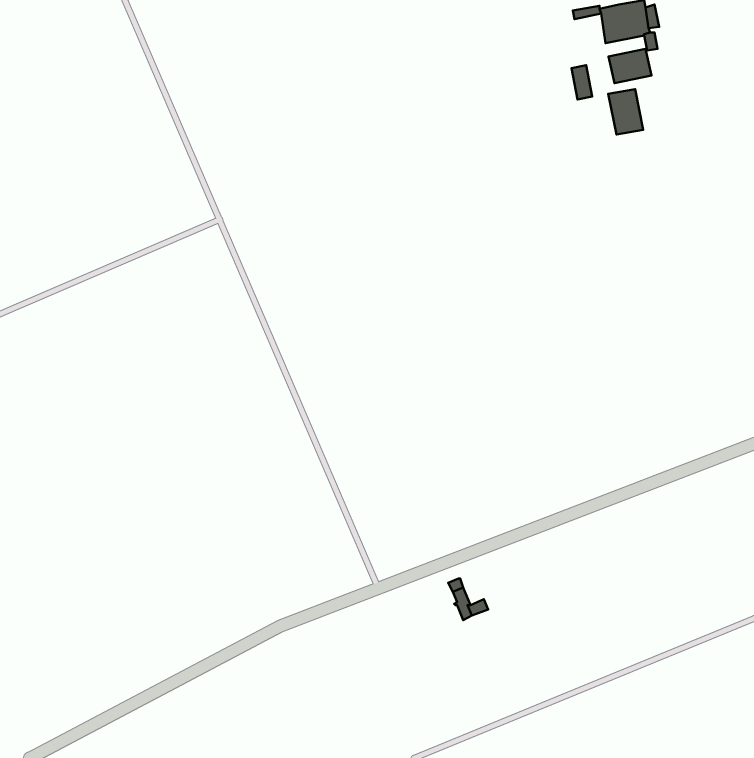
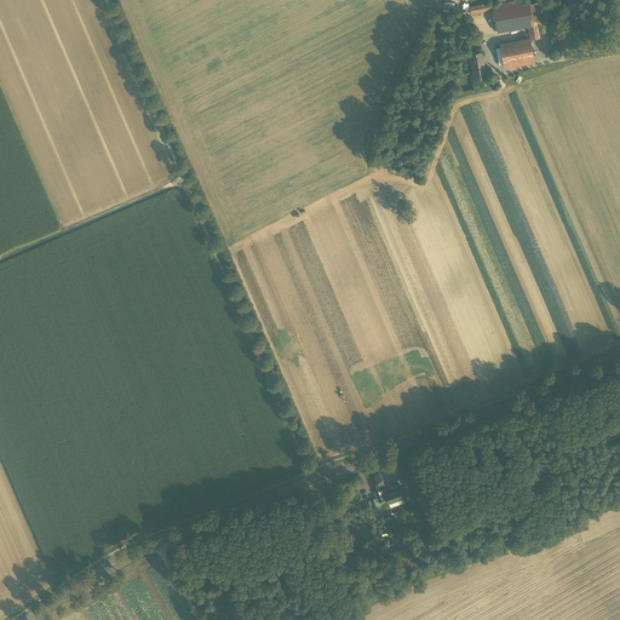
building: [608,89,643,135] -> none

